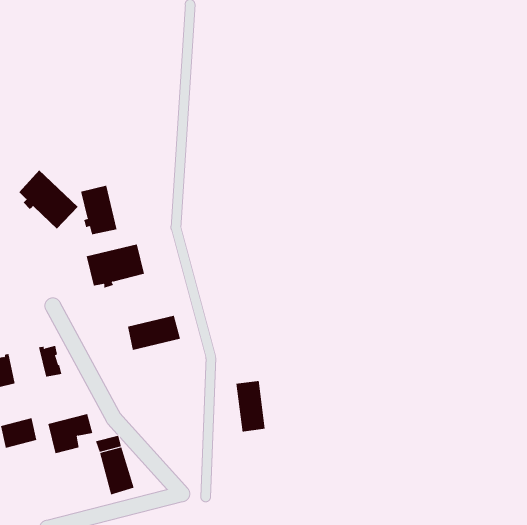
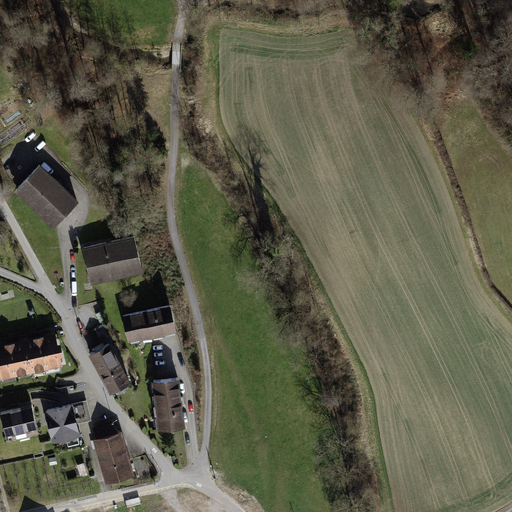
building: [80,185,117,235] -> none
building: none -> [9,339,44,375]
building: none -> [89,346,129,394]
building: [236,380,266,432] -> [153,380,182,430]

